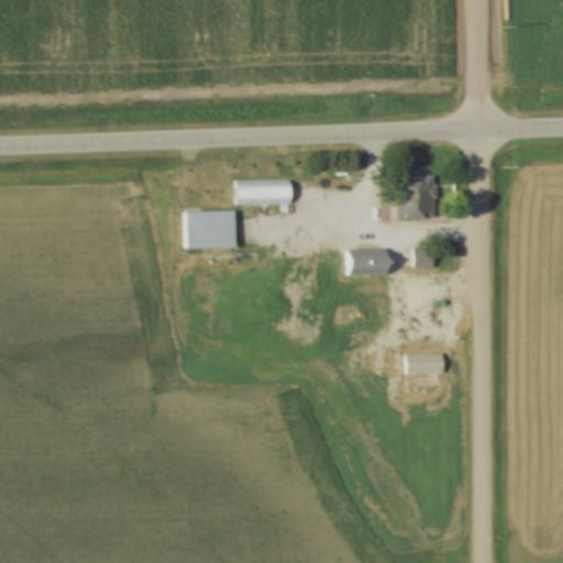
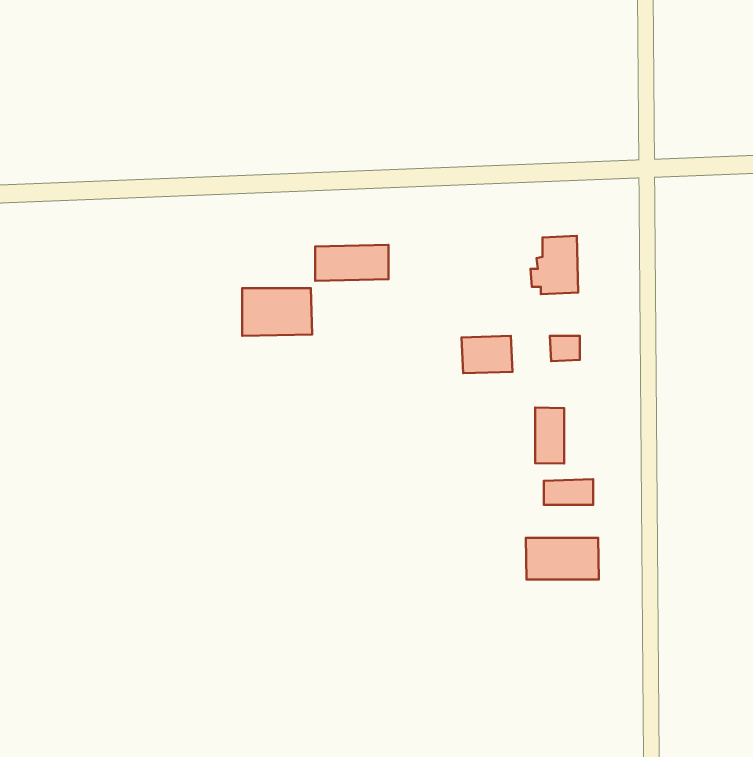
building: none -> [535,408,564,464]
building: none -> [526,538,599,579]

